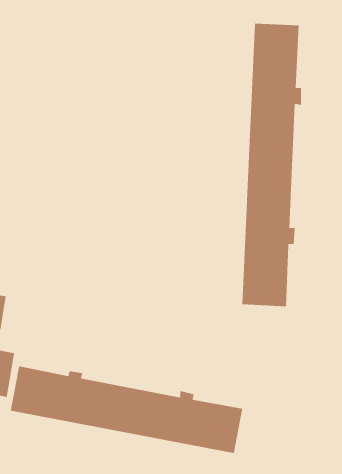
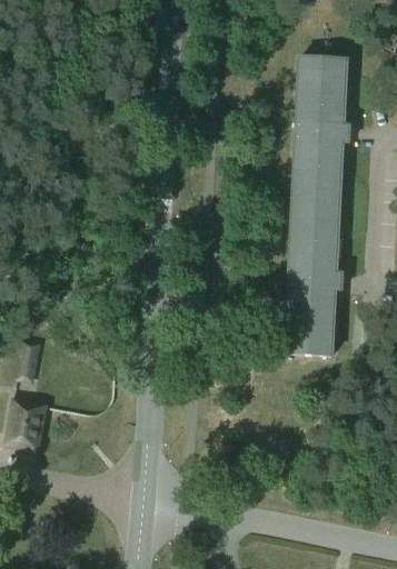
building: [10,366,243,454] -> none

